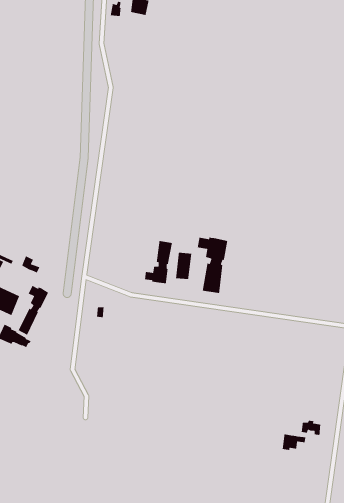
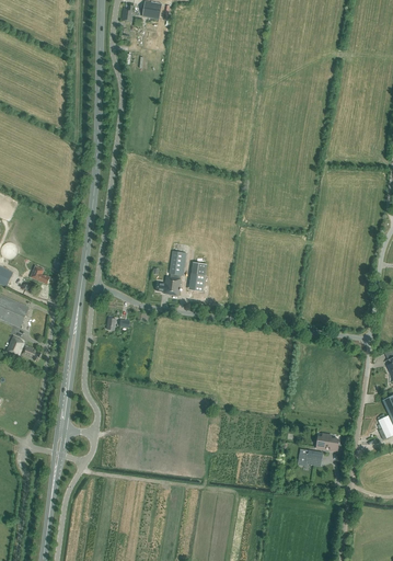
building: [197,237,228,294] -> none
building: [17,285,49,336] -> none

